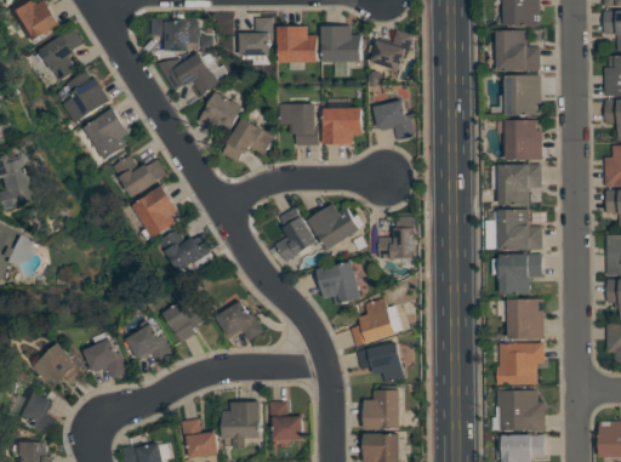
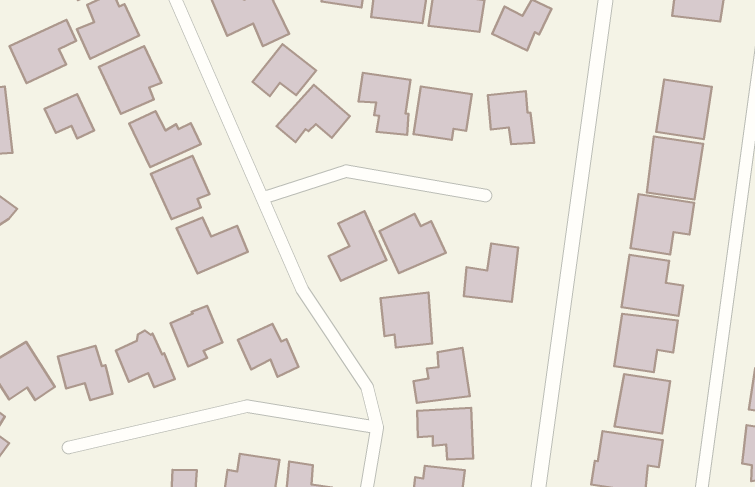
building: [496,30,540,72] -> none
building: none -> [9,20,76,83]
building: none -> [44,94,94,138]

